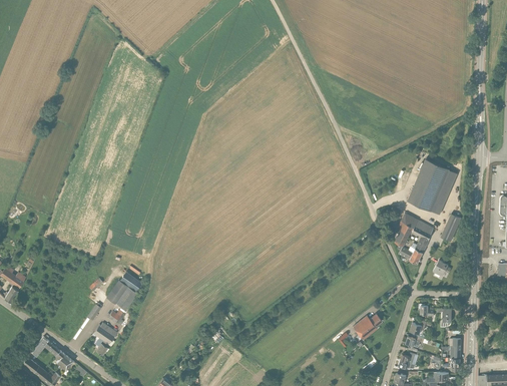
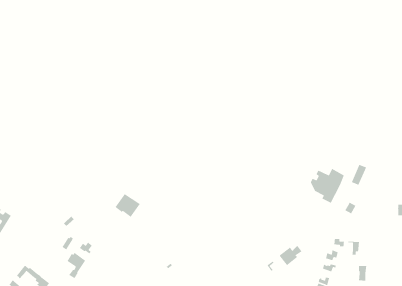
building: [408,160,449,212] -> none
building: [106,281,138,311] -> [115,193,141,218]

